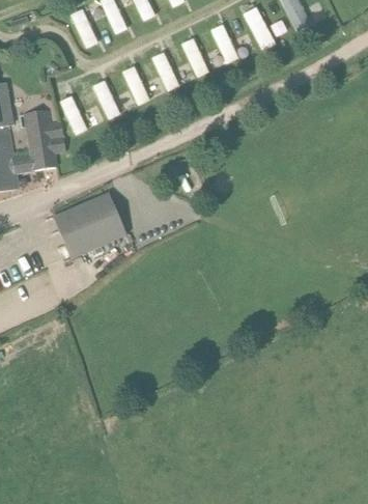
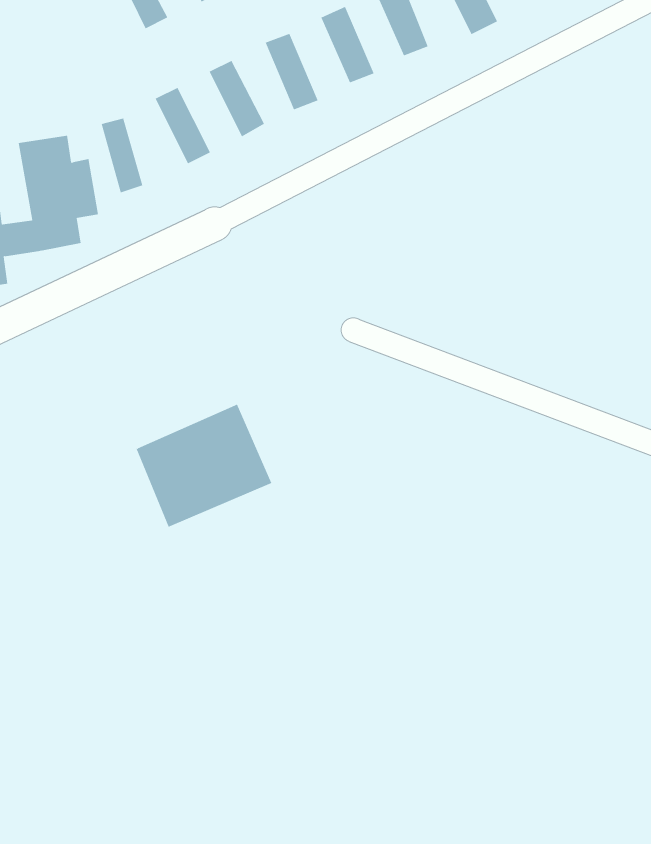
building: [52,191,125,257] -> [135,404,272,527]

